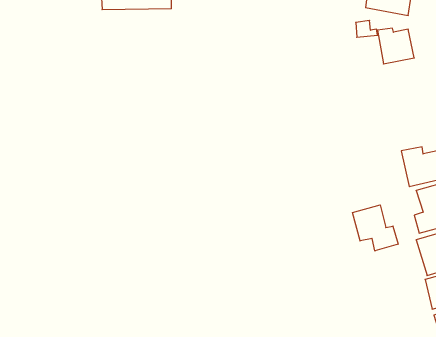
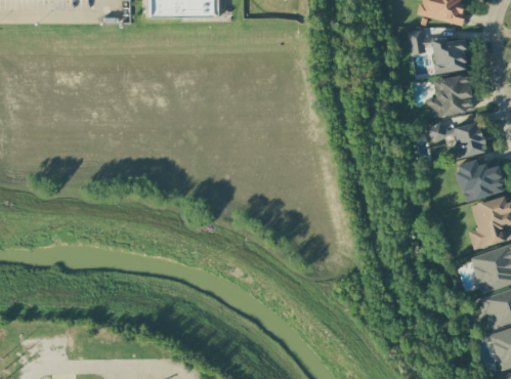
building: none -> [429,74,474,117]
building: none -> [429,122,486,160]
building: [352,205,398,251] -> none

